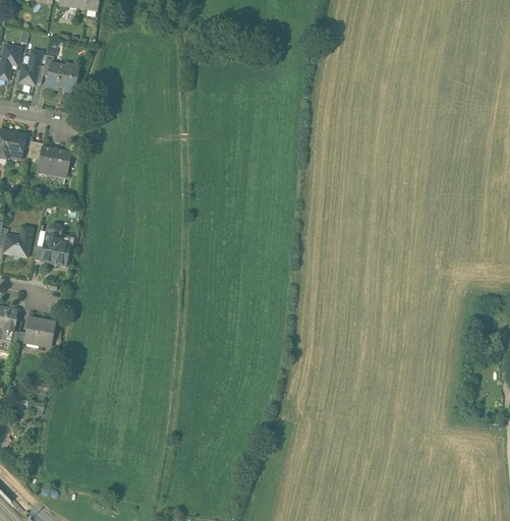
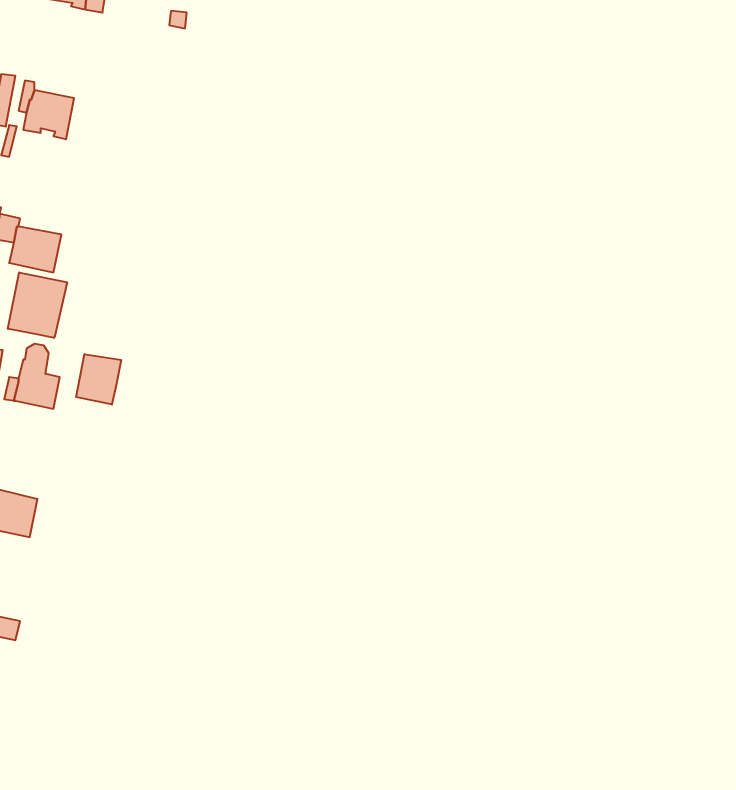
building: none -> [8,272,67,338]
building: none -> [76,354,121,405]

